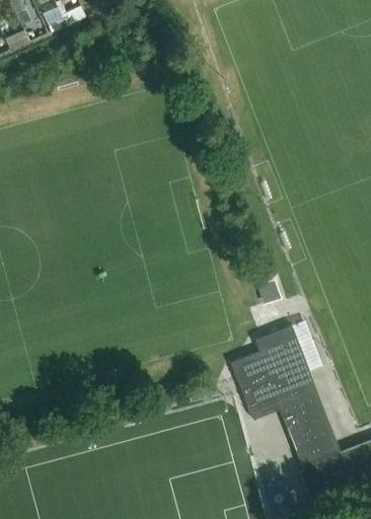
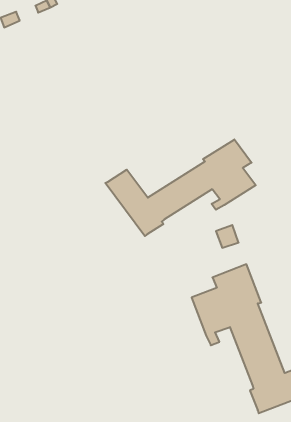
building: none -> [105,139,256,236]

